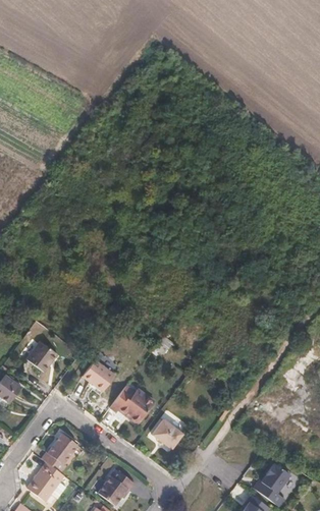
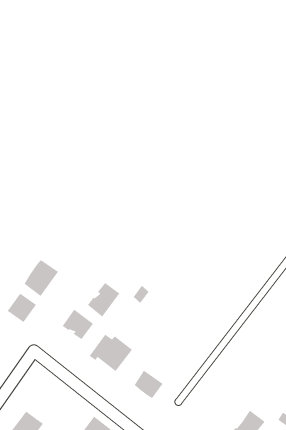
building: none -> [24,259,59,297]
building: none -> [87,282,120,317]
building: [41,433,76,470] -> none

